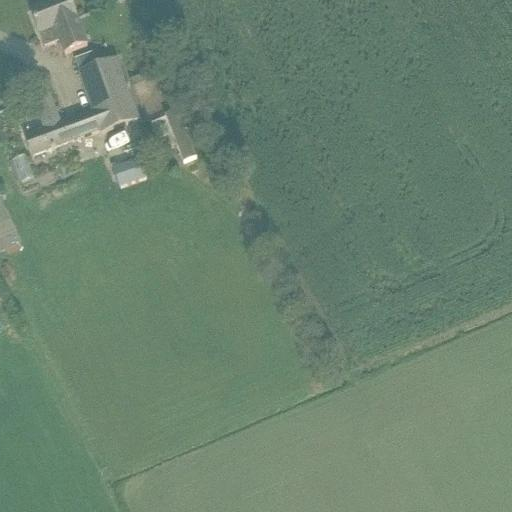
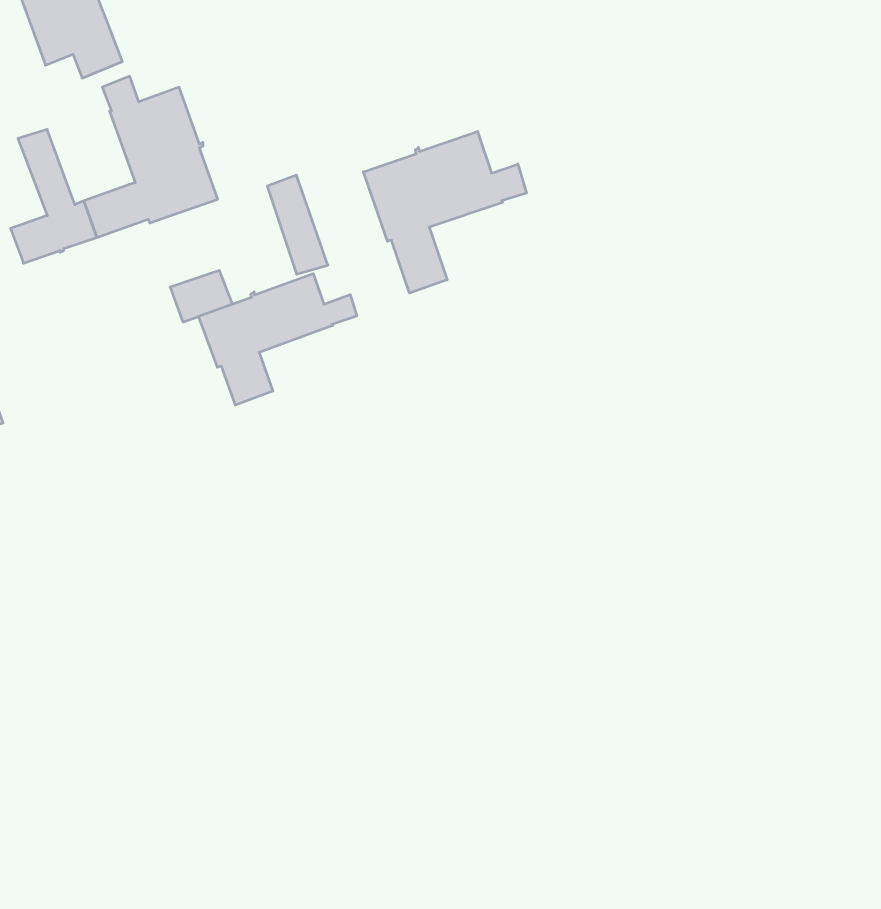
building: none -> [363,131,527,293]
building: none -> [199,274,357,405]

